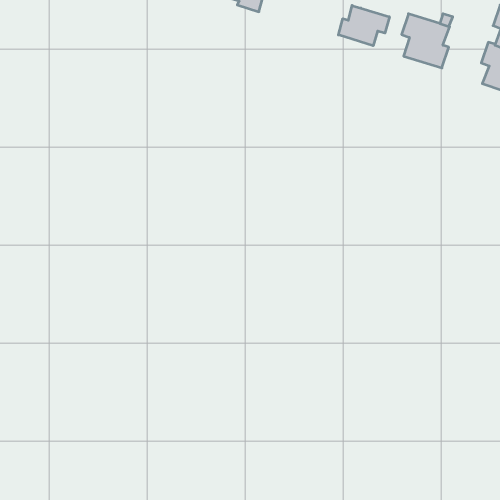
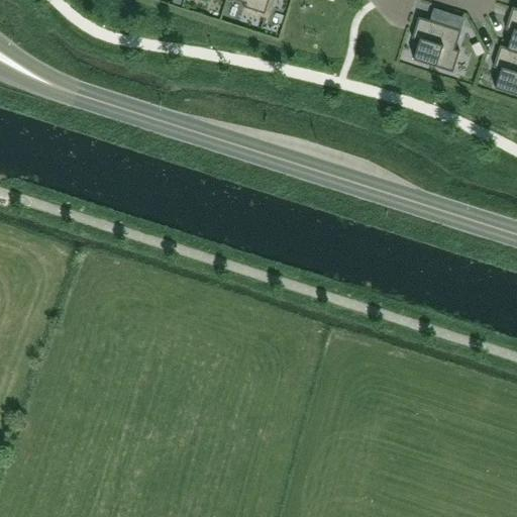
building: [338,5,389,46] -> none

